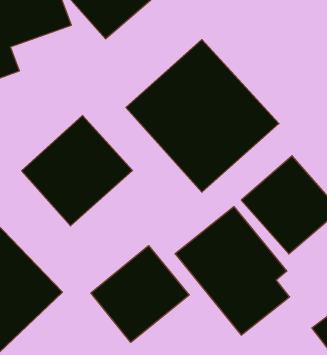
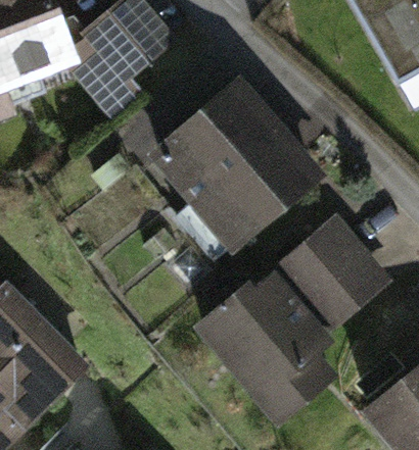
building: [22,115,133,226] -> none
building: [91,246,189,342] -> none

